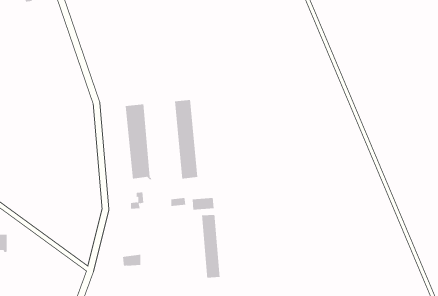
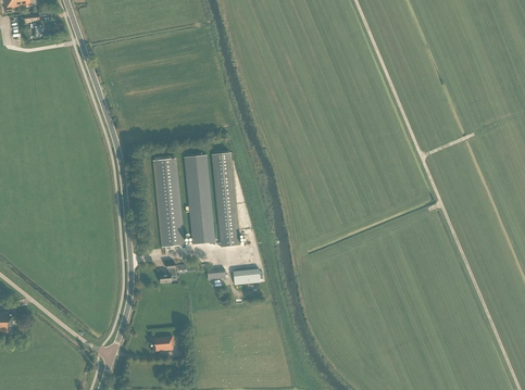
building: none -> [183,154,214,244]
building: [201,214,220,279] -> none

